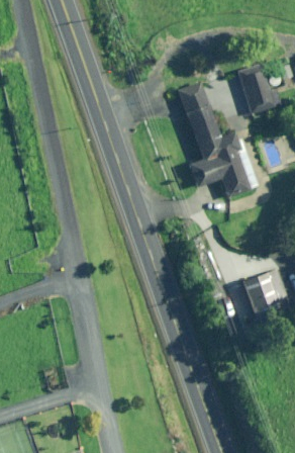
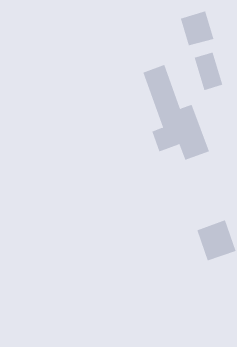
building: none -> [180,10,214,46]

